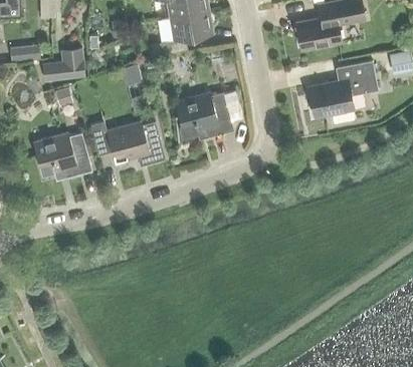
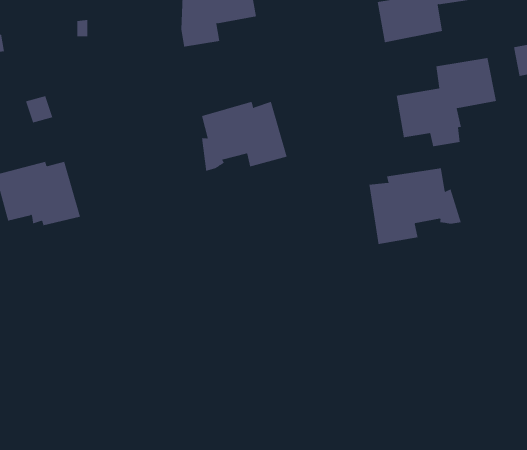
building: [43,59,85,80] -> none
building: [89,120,166,165] -> none
building: none -> [369,167,461,245]

